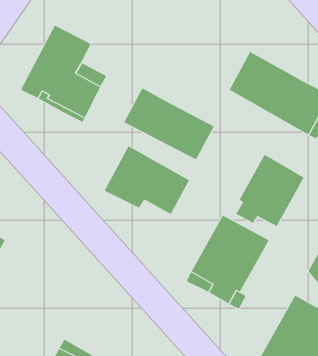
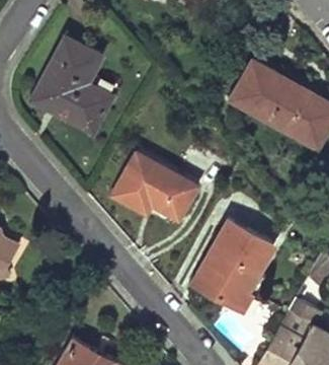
building: [124,87,214,160] -> none
building: [236,154,304,227] -> none

